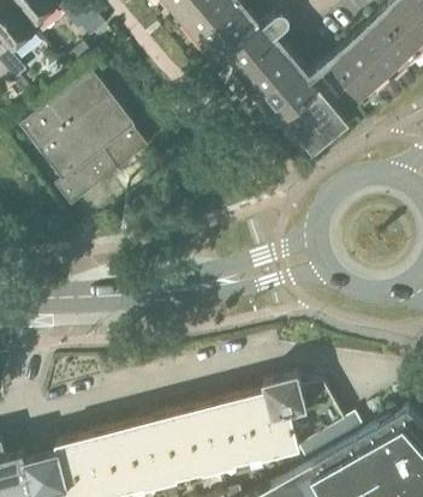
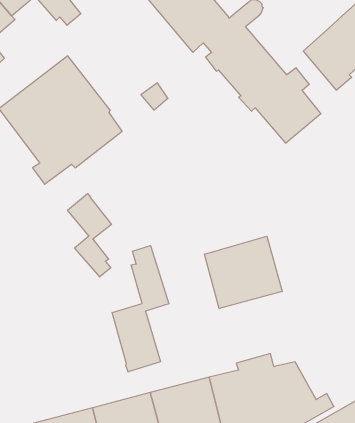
building: none -> [68,194,111,277]
building: none -> [204,236,282,309]
building: none -> [112,246,169,372]

